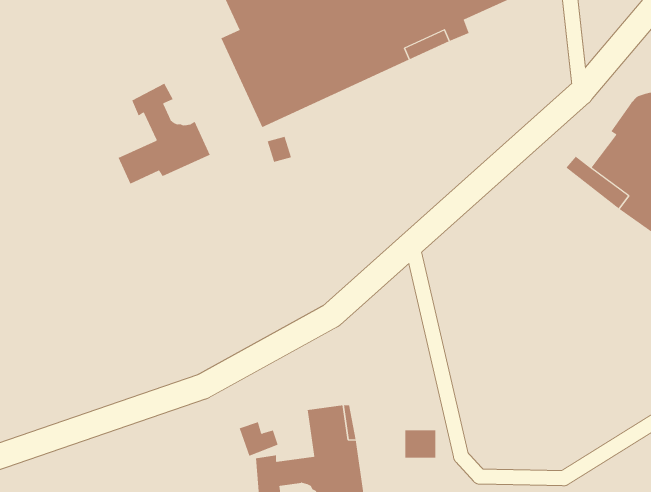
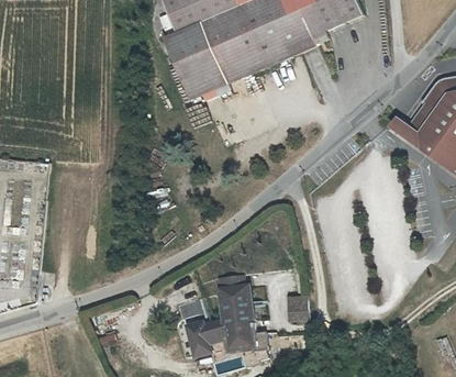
building: [118,83,210,184] -> none

